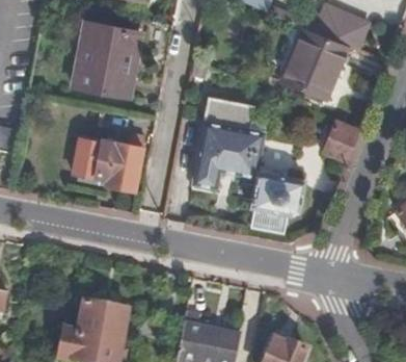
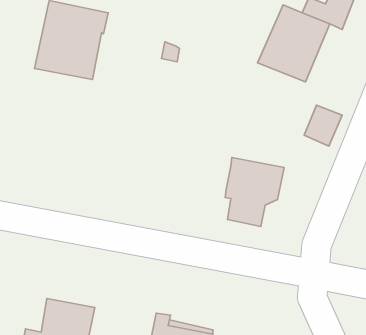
building: [191,98,265,188] -> none
building: [75,129,147,187] -> none

